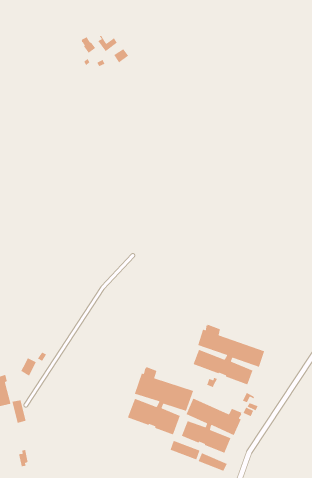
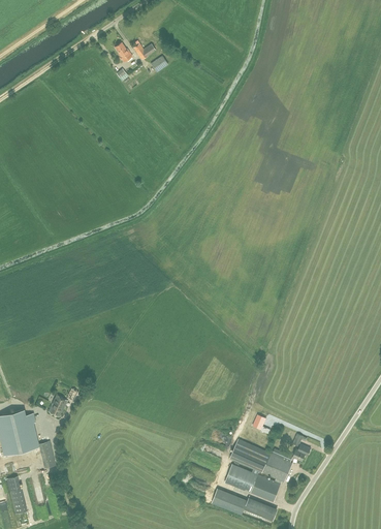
building: [193,323,265,386] -> none
building: [127,366,194,435] -> none

